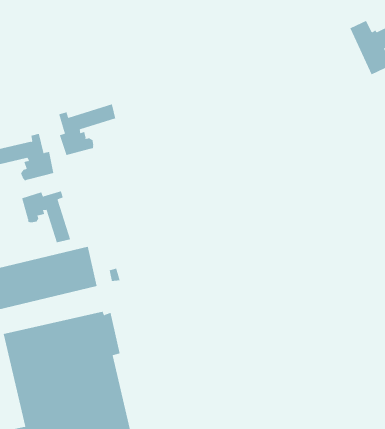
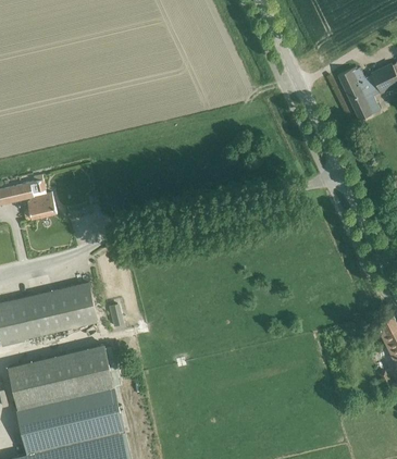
building: [59,104,116,156] -> none
building: [22,190,71,243] -> none

